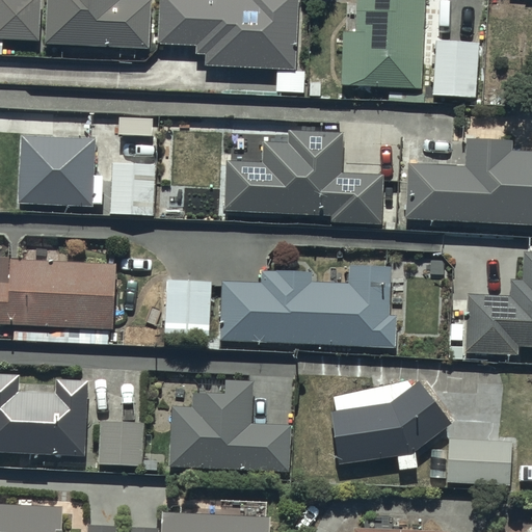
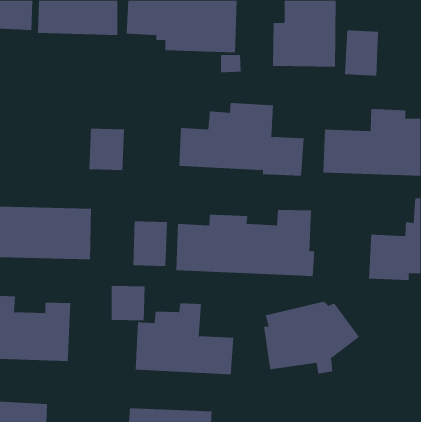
building: [18,134,103,205] -> none
building: [100,421,143,466] -> [111,285,145,321]
building: [447,438,511,484] -> none

